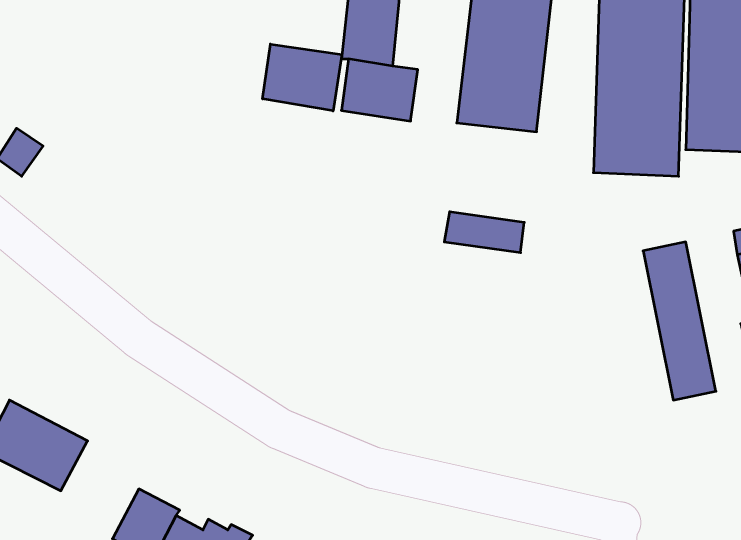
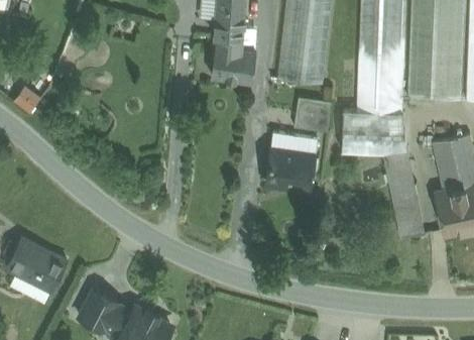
building: [263,44,342,111] -> none
building: none -> [293,100,330,132]
building: none -> [341,110,407,154]
building: none -> [265,149,314,188]

